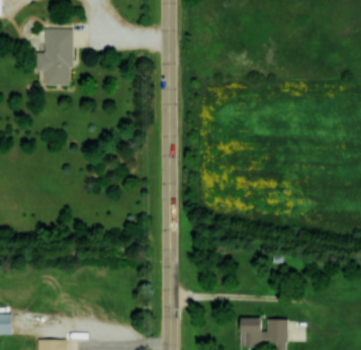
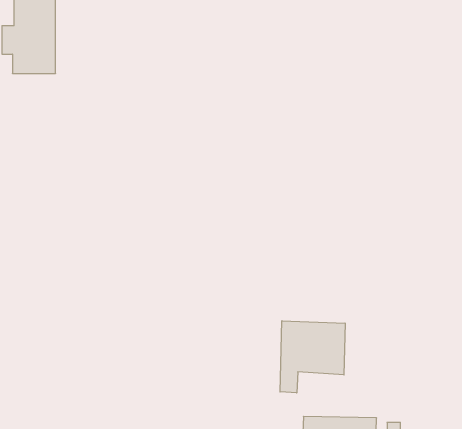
building: none -> [280,321,345,393]

